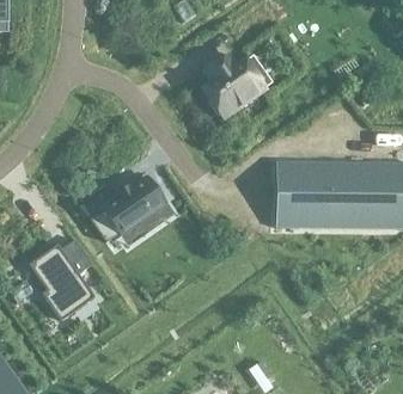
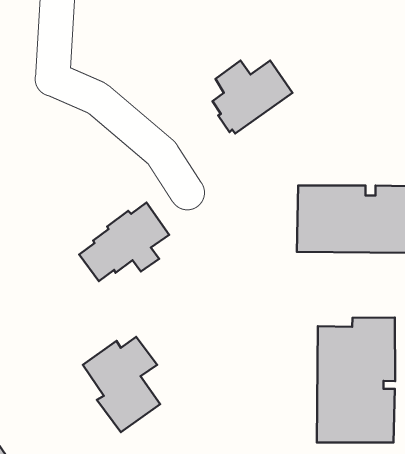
building: [29,241,94,322] -> [83,337,160,432]
building: none -> [317,317,395,443]

